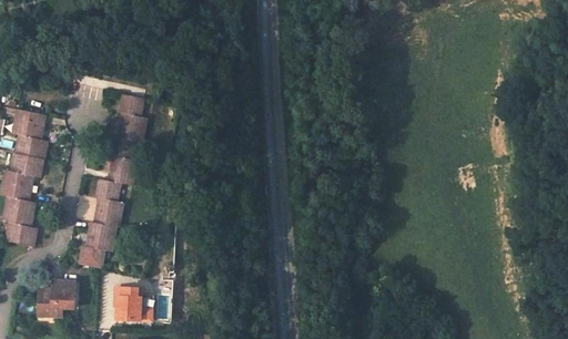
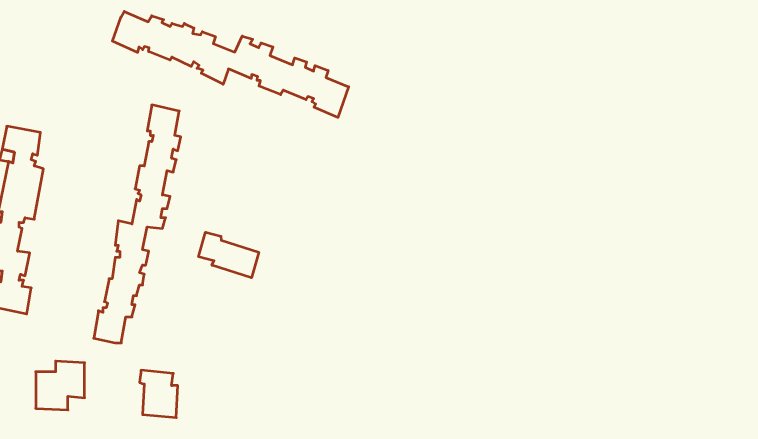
building: none -> [112,11,349,117]
building: none -> [199,232,259,278]

